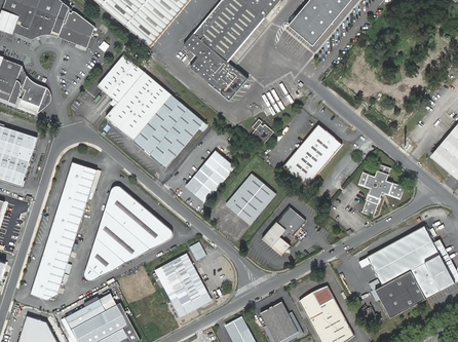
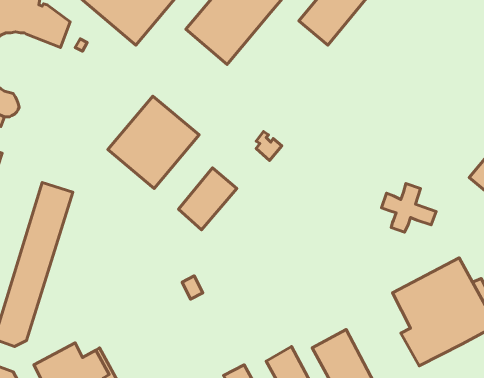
building: [183,33,246,100] -> none
building: [97,54,164,135] -> none
building: [282,124,342,186] -> none
building: [226,173,275,223] -> none
building: [84,186,173,279] -> none
building: [261,206,305,255] -> none
building: [154,253,211,315] -> none

